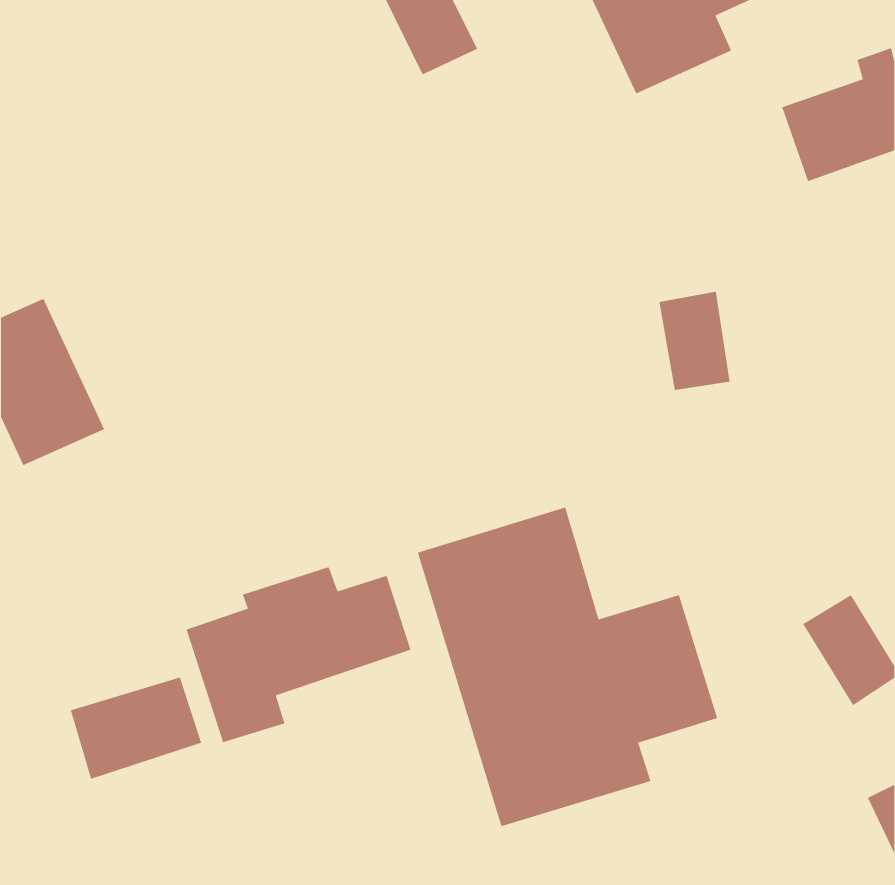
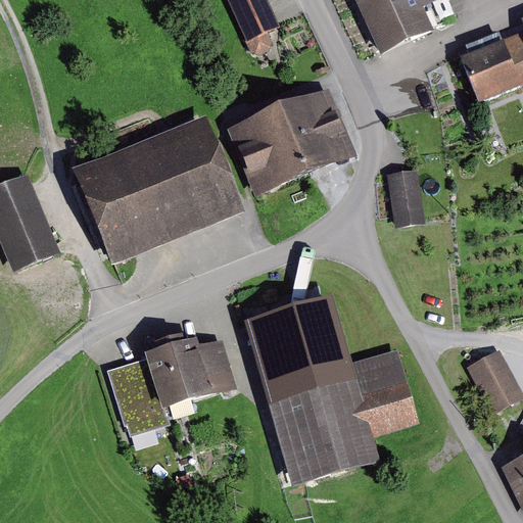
building: none -> [228,89,350,195]
building: none -> [77,113,247,260]
building: [70,676,202,780] -> none

